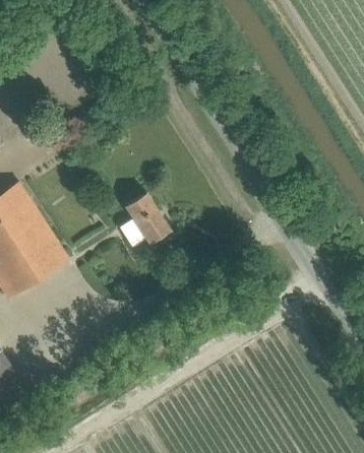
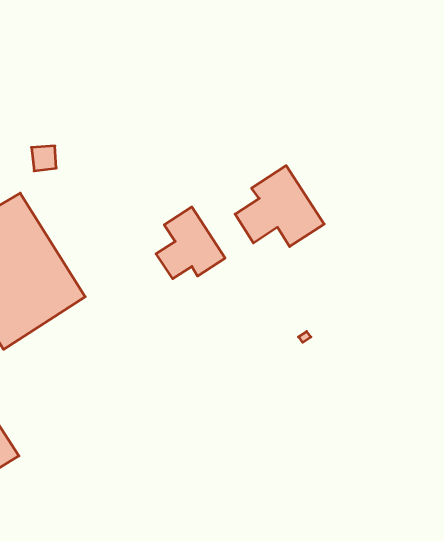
building: none -> [235,166,324,247]

